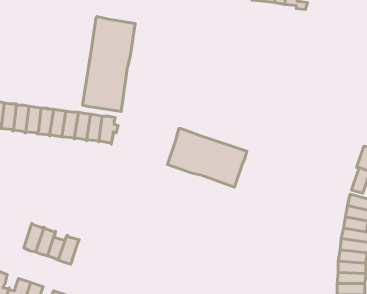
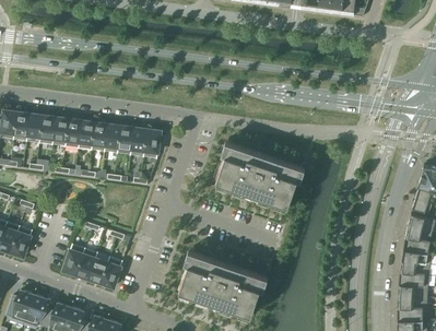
building: [82,16,135,111] -> none
building: none -> [179,251,263,315]

